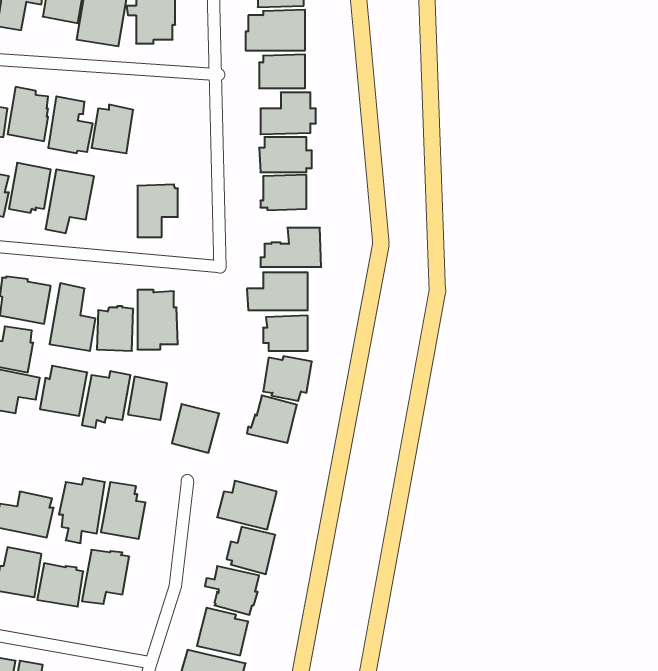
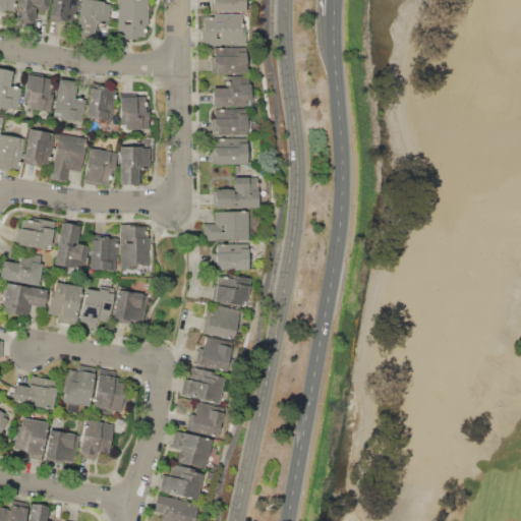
building: none -> [120,95,149,130]
building: none -> [83,149,118,187]
building: [172,404,219,453] -> [197,336,233,372]

